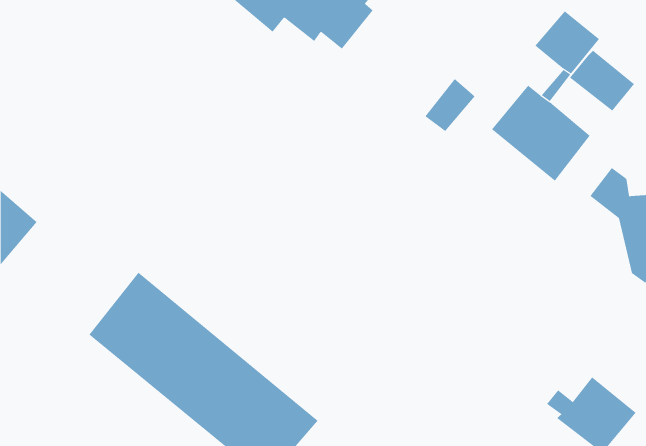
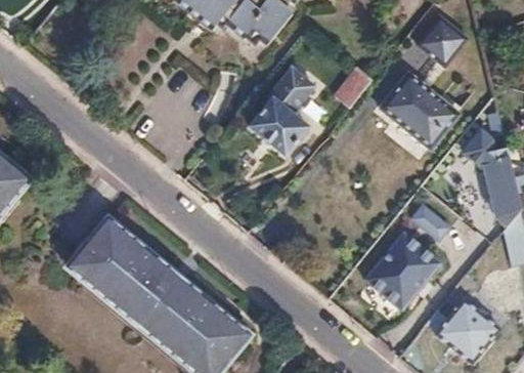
building: [569,50,635,112] -> none
building: none -> [250,66,308,155]
building: none -> [406,201,451,242]
building: none -> [360,230,440,310]

